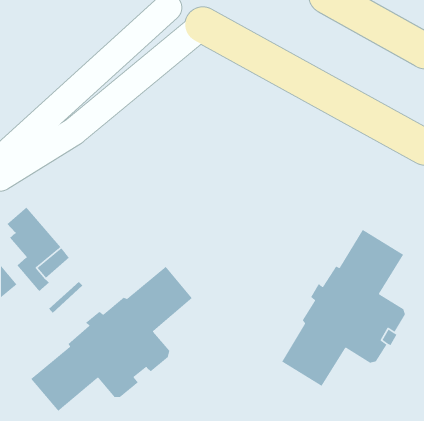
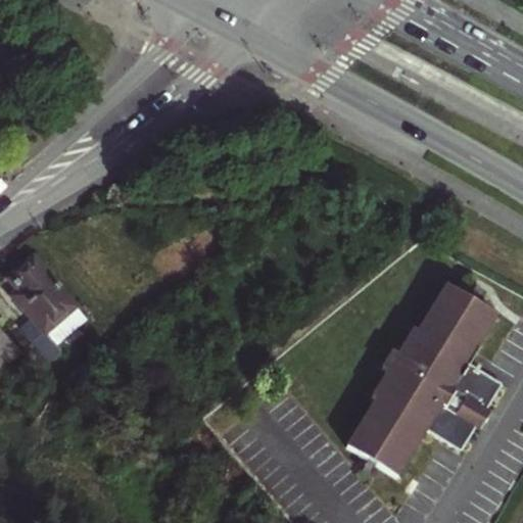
building: [30,266,193,412] -> none

